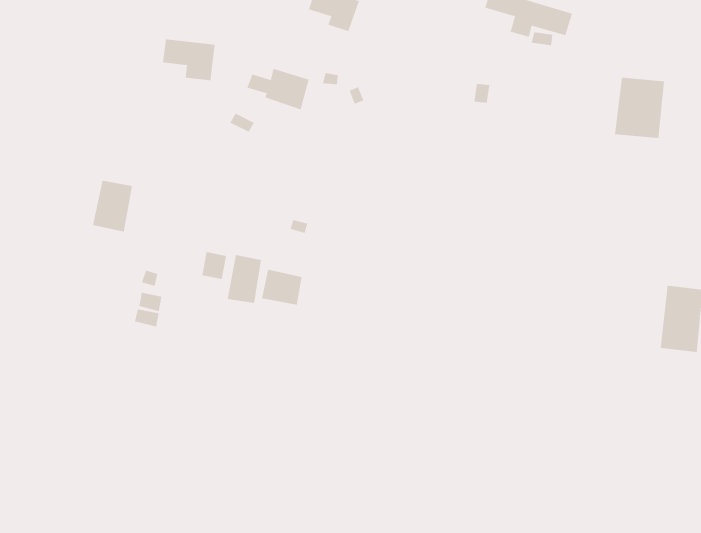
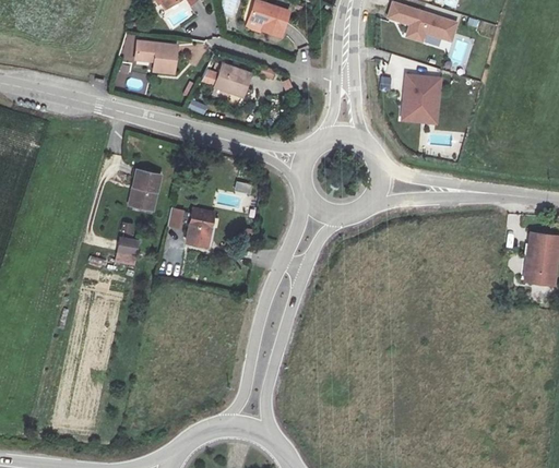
building: [614,77,665,139] -> [402,73,441,121]
building: [92,180,133,232] -> [129,170,160,211]
building: [261,269,302,306] -> none

